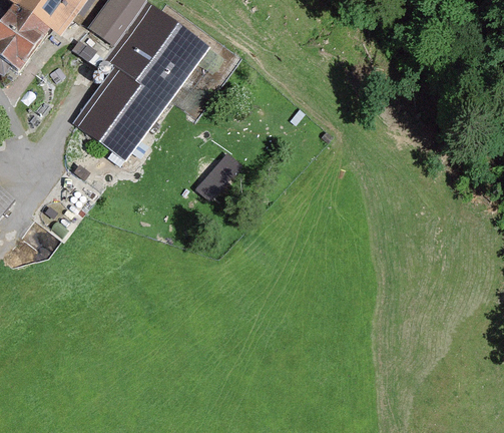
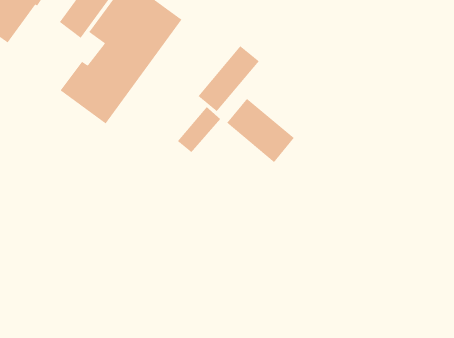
building: none -> [197,45,260,112]
building: none -> [226,98,295,163]

